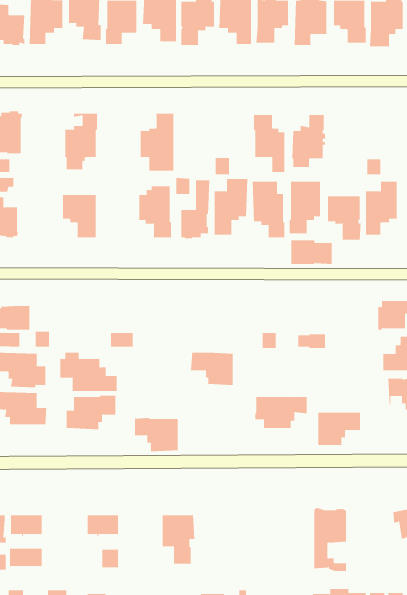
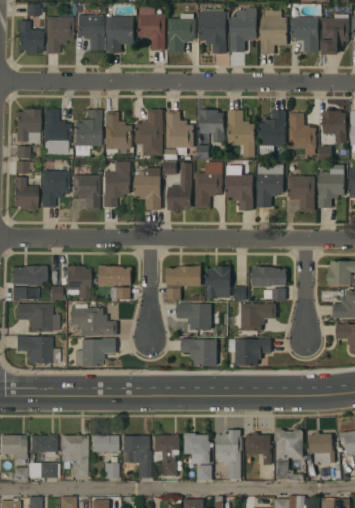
building: none -> [43,108,71,154]
building: none -> [322,109,347,142]
building: none -> [200,110,224,142]
building: none -> [164,111,193,159]
building: none -> [104,112,132,155]
building: none -> [288,113,316,154]
building: none -> [103,161,130,206]
building: none -> [41,163,69,207]
building: [291,240,333,265] -> [252,266,286,286]
building: none -> [66,264,90,298]
building: none -> [97,265,132,286]
building: none -> [206,265,230,299]
building: none -> [166,267,201,300]
building: [318,412,361,445] -> [241,303,276,330]
building: [134,417,178,452] -> [181,338,217,366]
building: none -> [216,430,242,479]
building: none -> [246,432,272,465]
building: none -> [309,432,335,464]
building: none -> [184,433,212,480]
building: none -> [59,435,90,477]
building: none -> [122,435,151,477]

